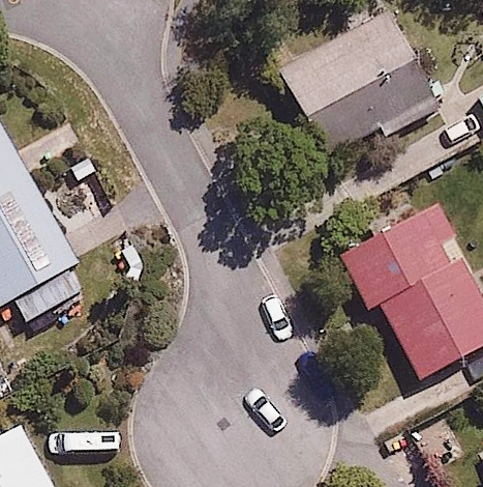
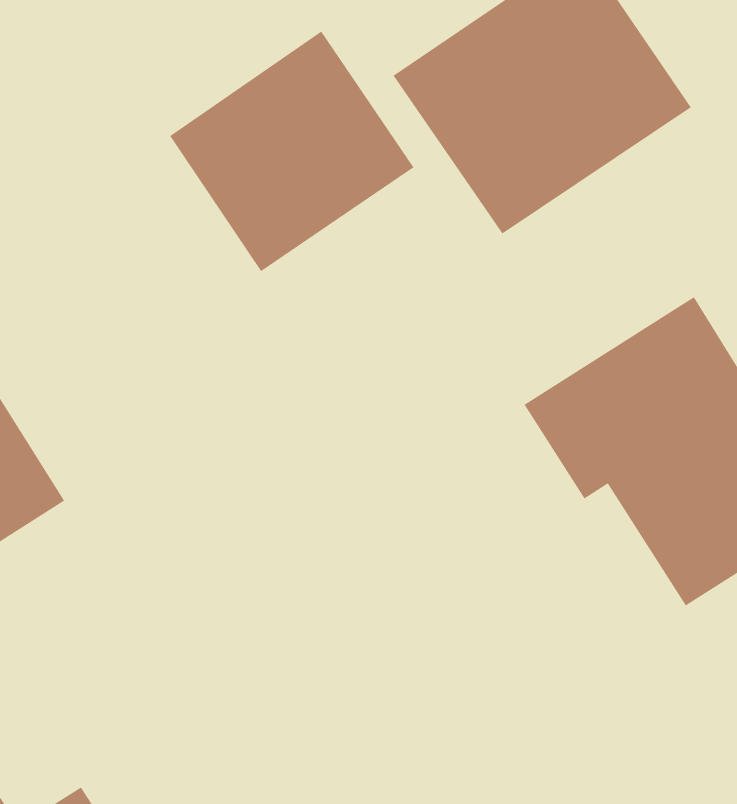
building: none -> [169,31,414,272]

